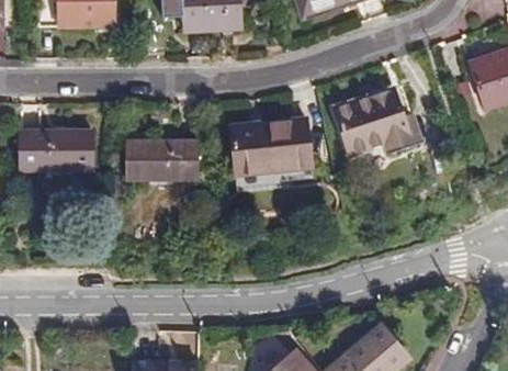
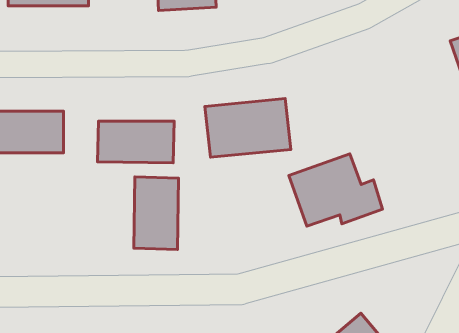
building: [334,85,425,155] -> [289,154,383,226]
building: none -> [134,177,179,250]

